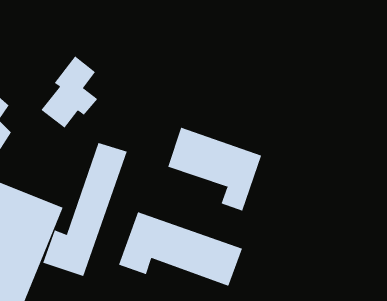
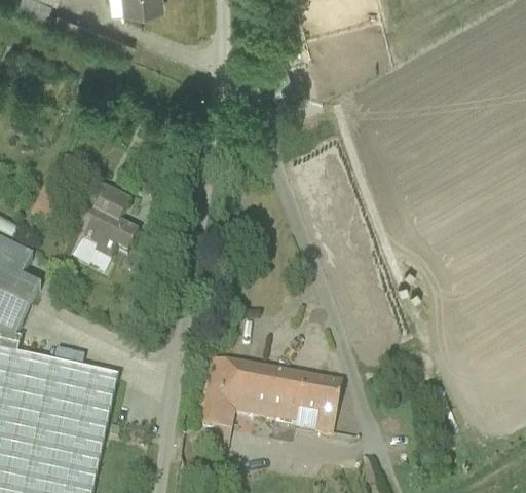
building: [167,127,262,212] -> none
building: [43,142,128,277] -> none

